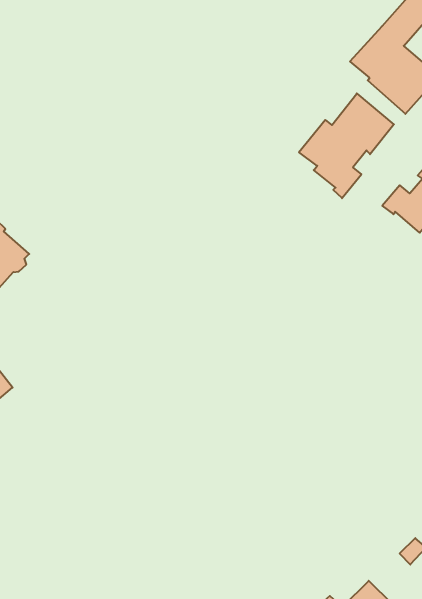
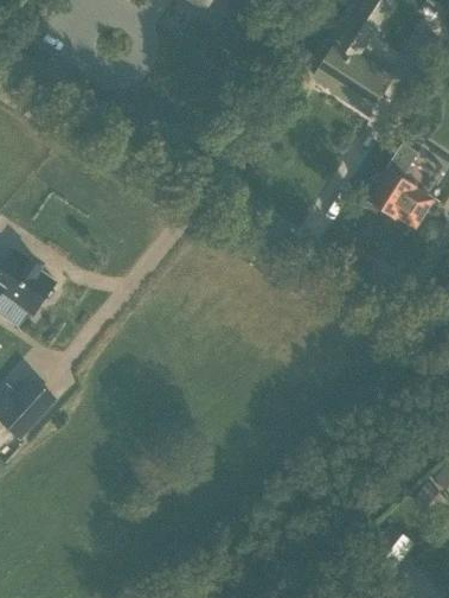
building: [299,93,394,198] -> none

